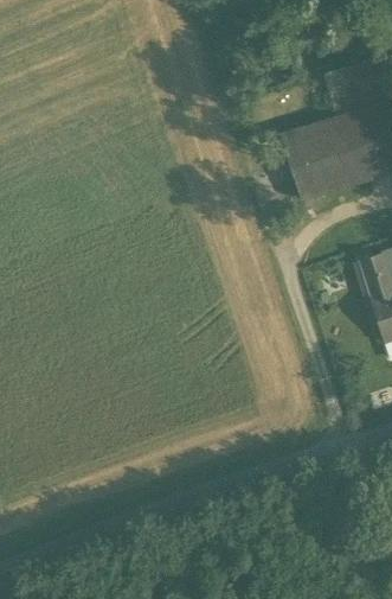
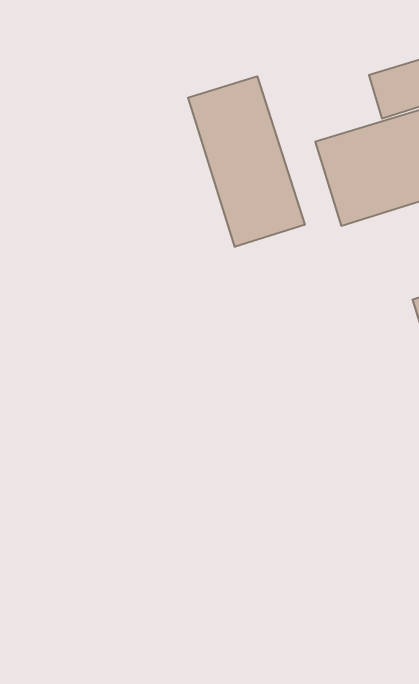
building: none -> [188,76,305,247]

